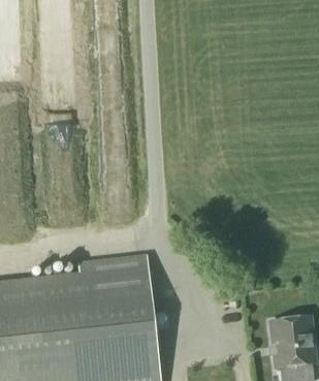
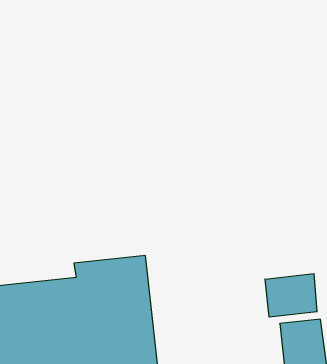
building: none -> [265,274,317,317]

